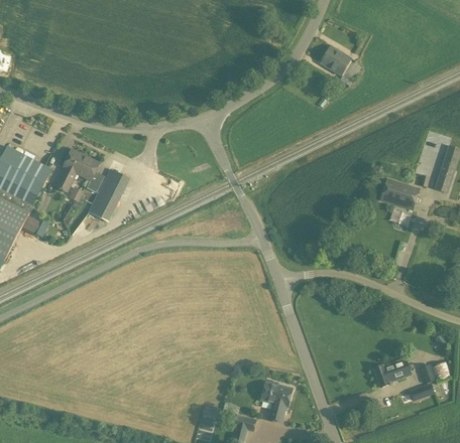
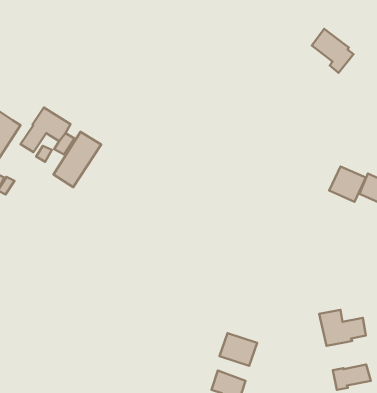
building: none -> [329,166,366,202]
building: none -> [319,310,366,346]
building: none -> [220,333,257,366]

